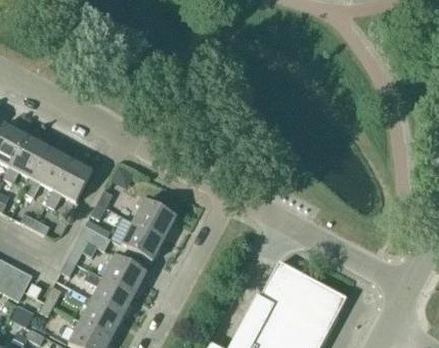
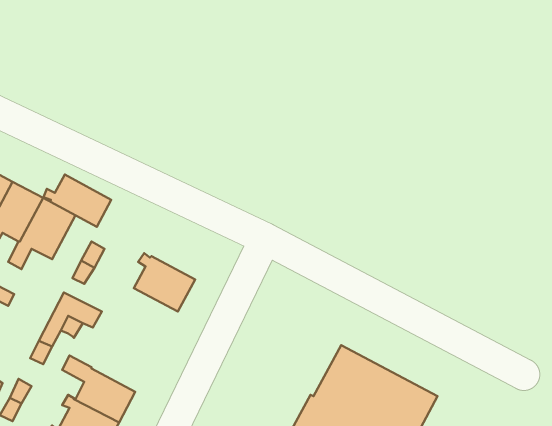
building: none -> [44,175,111,227]
building: [121,218,164,260] -> none
building: [103,253,146,294] -> none

